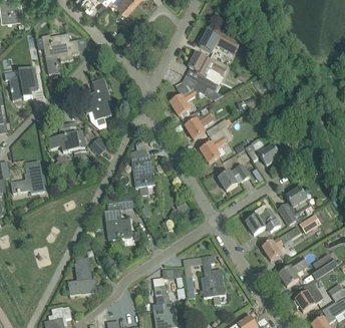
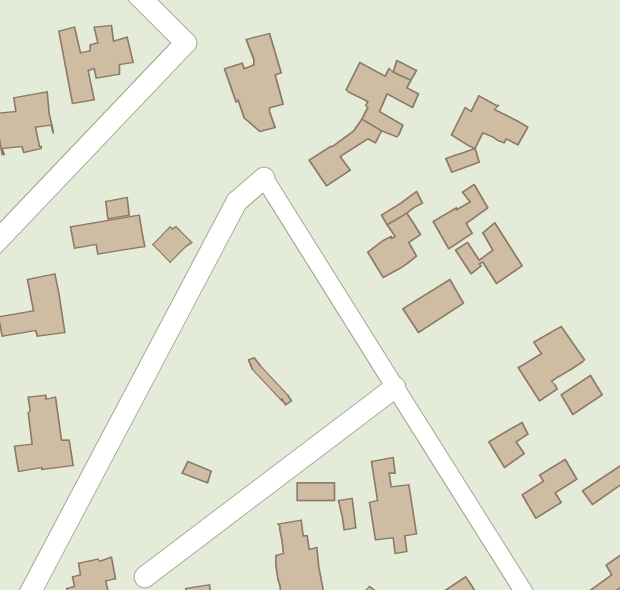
building: [200,26,239,53] -> [452,96,528,149]
building: [80,79,110,129] -> [225,34,283,131]
building: [185,107,213,140] -> [433,184,488,249]
building: [130,149,154,189] -> none
building: [103,202,131,241] -> none
building: [246,206,280,235] -> none
building: [67,257,97,296] -> [15,395,73,471]
building: [295,282,320,312] -> none

